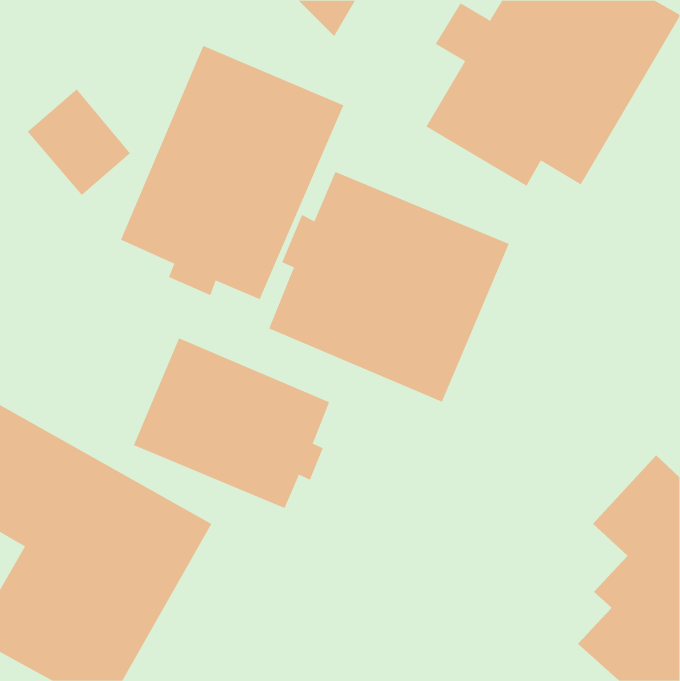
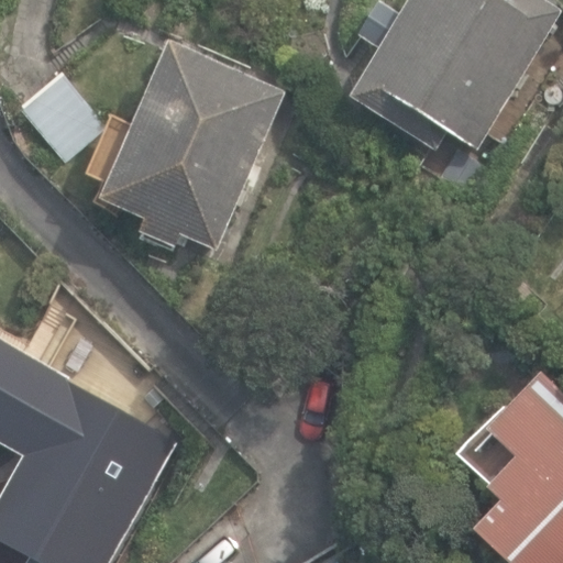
building: [269,171,510,402] -> none
building: [133,338,330,509] -> none

